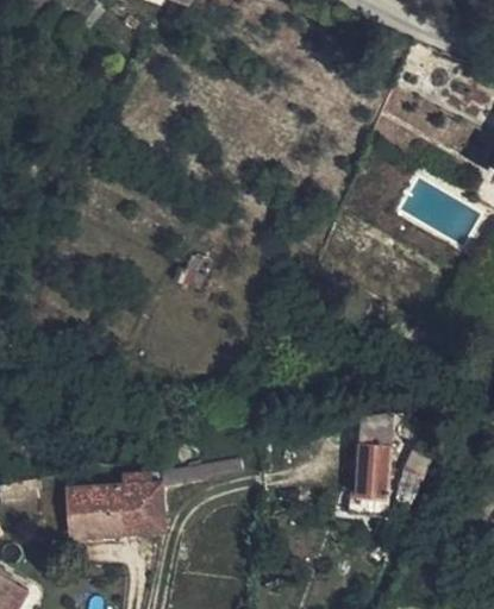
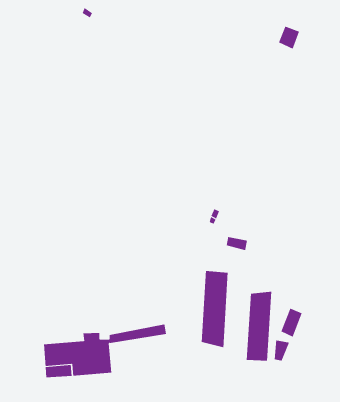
building: none -> [201,270,228,348]

